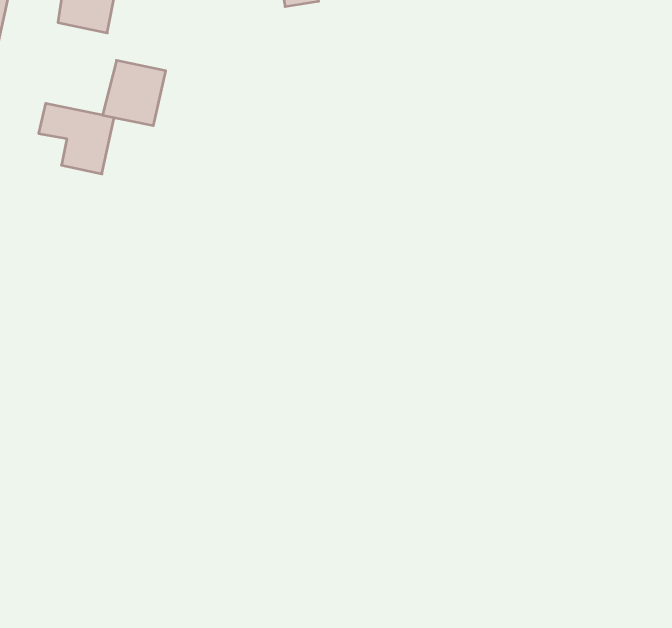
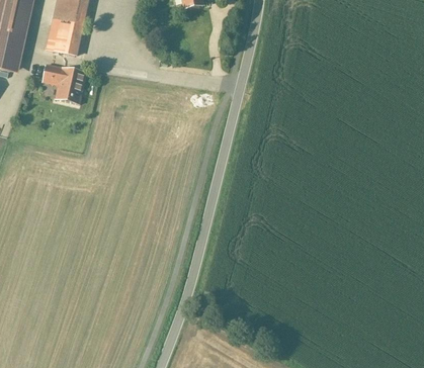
building: [102,60,166,126] -> [48,16,84,54]

